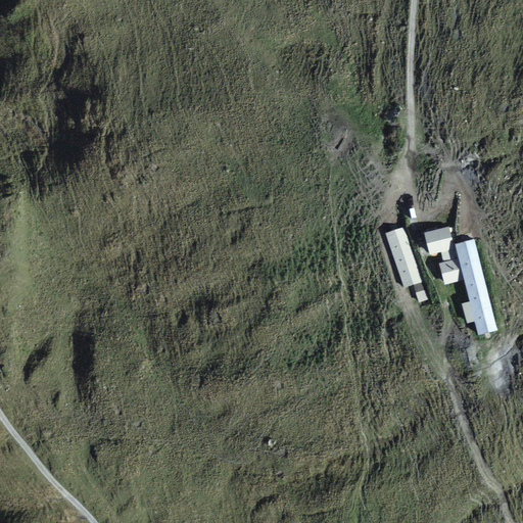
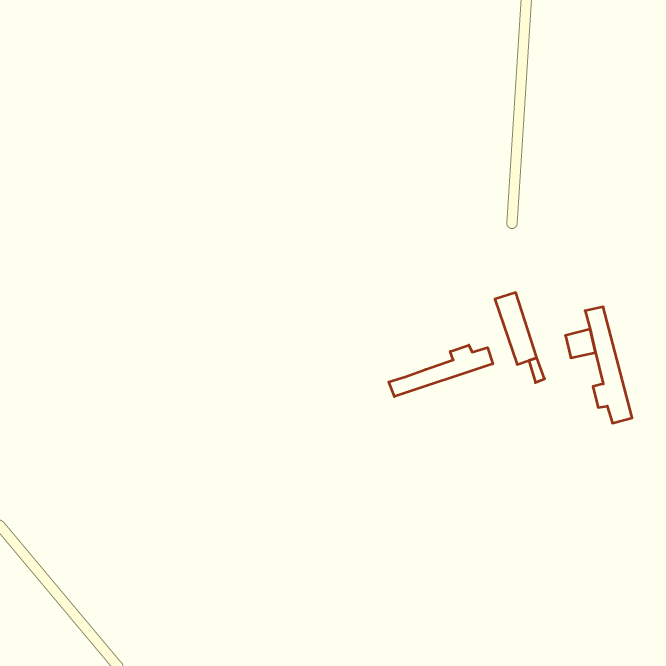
building: [427,227,455,256] -> none
building: none -> [389,345,493,397]

